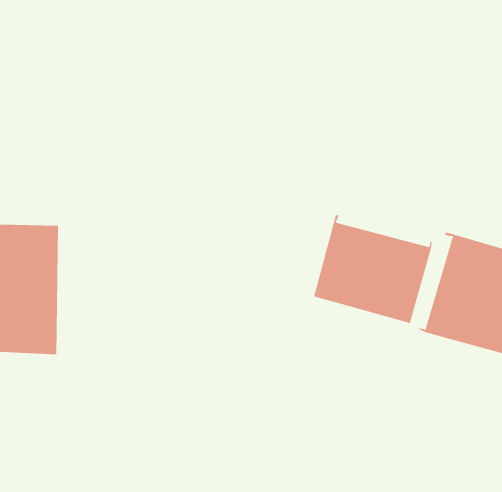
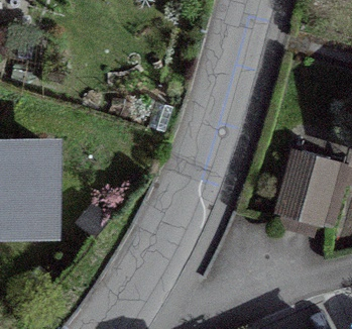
building: [314,215,432,324] -> none

